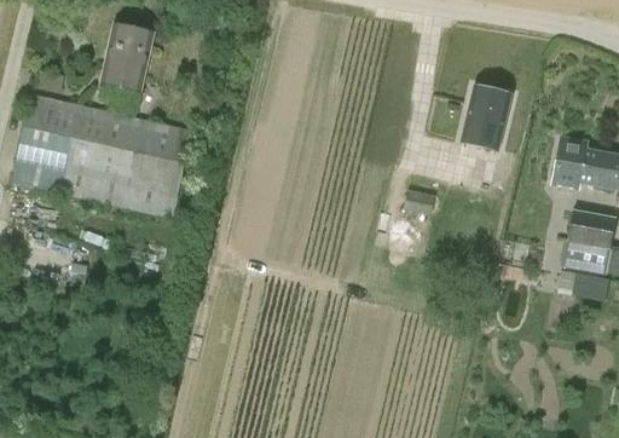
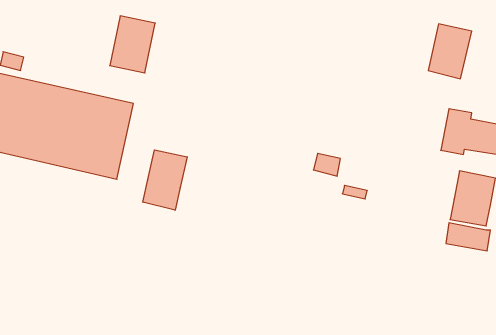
building: [100,23,154,90] -> [110,16,155,73]
building: [461,85,511,149] -> [428,24,472,79]
building: none -> [143,150,187,210]

